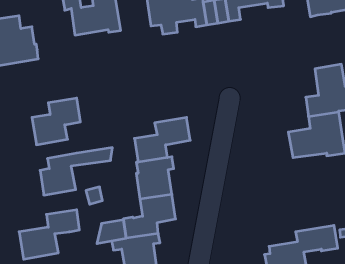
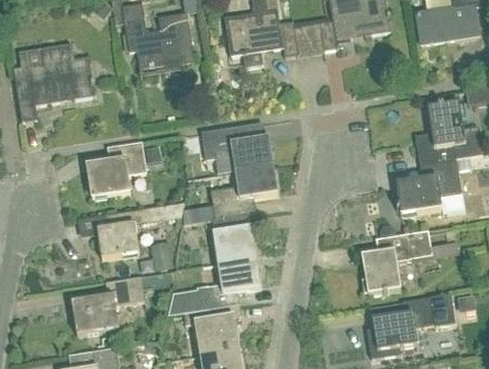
building: none -> [201,126,273,171]
building: none -> [362,230,432,294]

